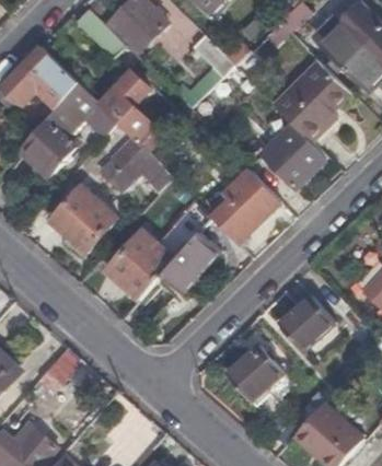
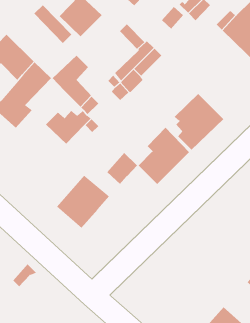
building: [271,59,349,142] -> none
building: [50,186,116,254] -> none
building: [160,233,218,294] -> none
building: [277,294,334,351] -> none
building: [228,345,283,400] -> none

